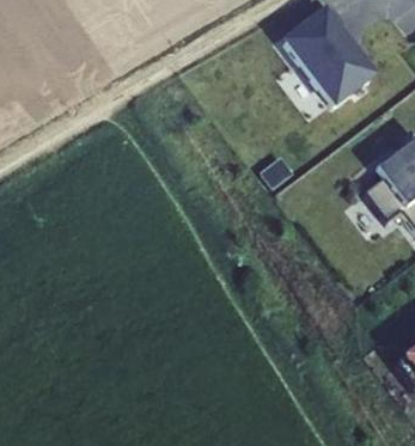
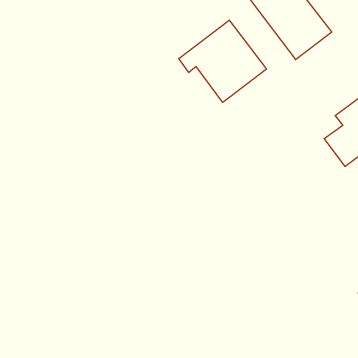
building: none -> [179,20,266,102]

